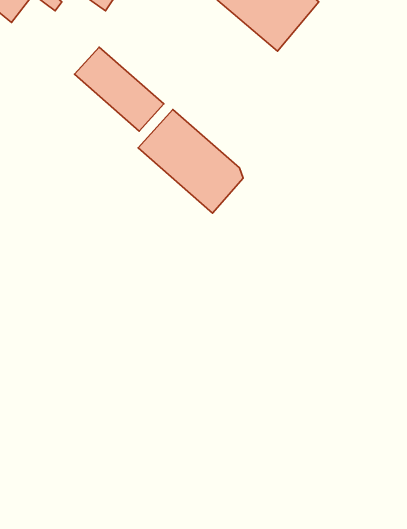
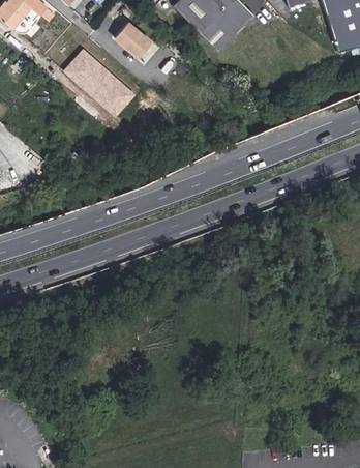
building: none -> [116,21,154,57]
building: [138,109,243,213] -> none

